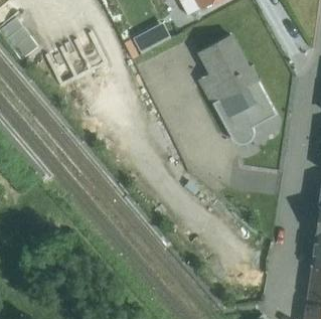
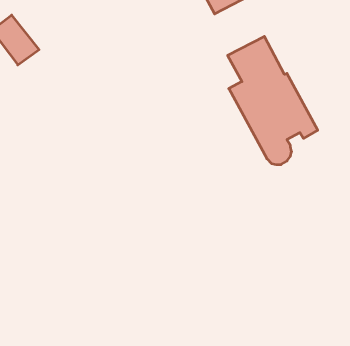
building: [133,21,170,51] -> none

